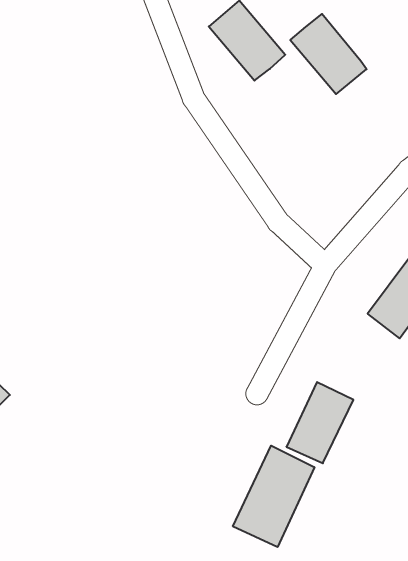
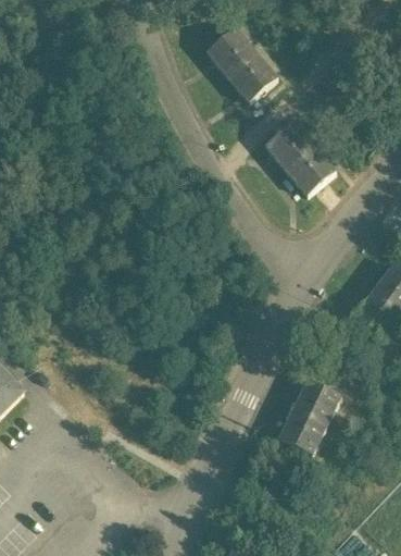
building: [290,14,367,94] -> [265,120,336,194]
building: [233,446,314,547] -> none

